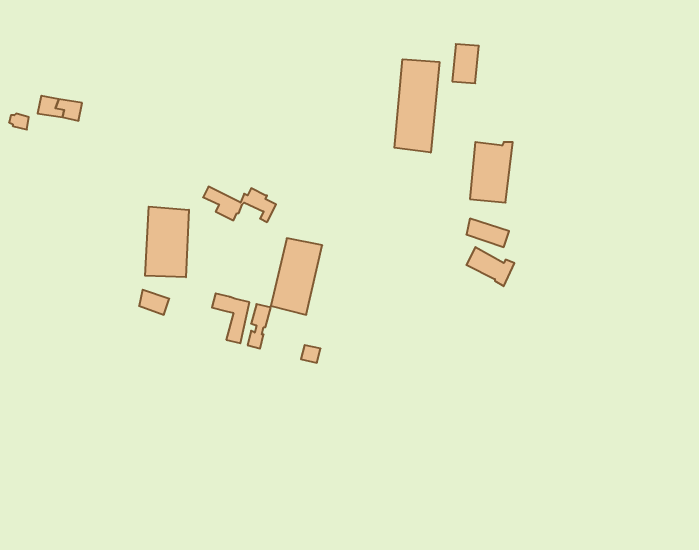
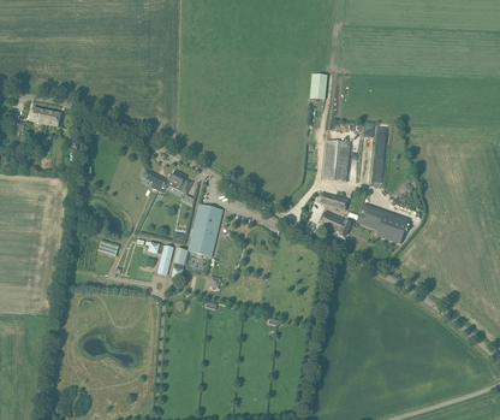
building: [394,59,439,153] -> none
building: [145,207,189,277] -> none
building: none -> [357,205,409,243]

